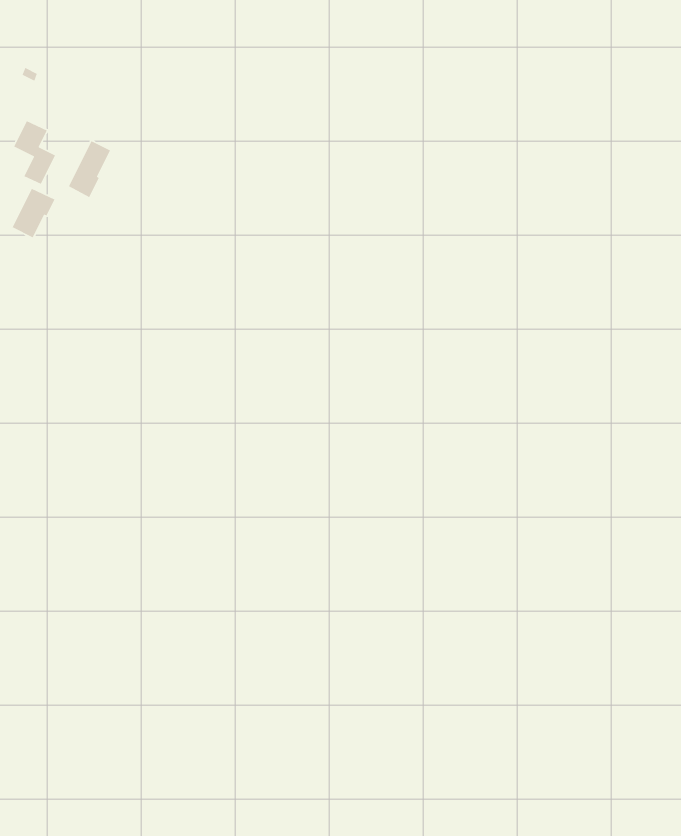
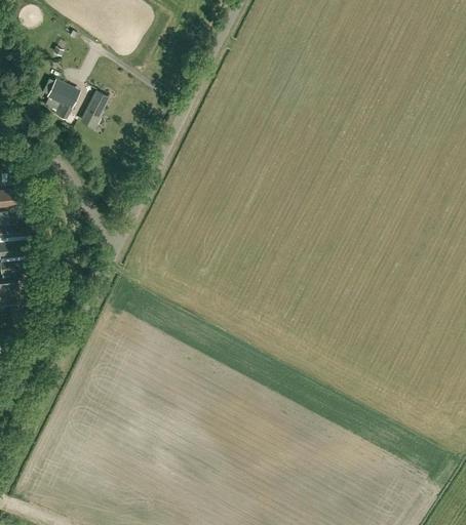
building: [12,188,56,238] -> none

